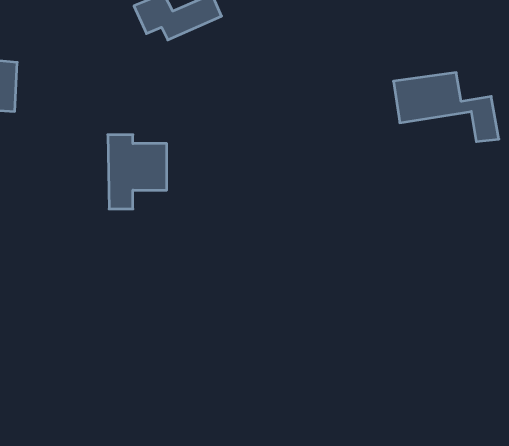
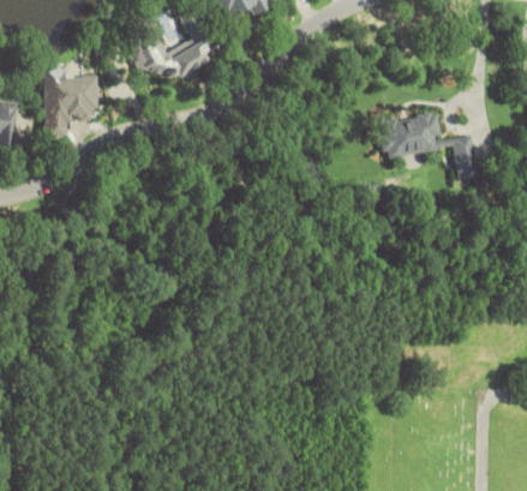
building: [108,135,167,209] -> [43,67,100,138]

